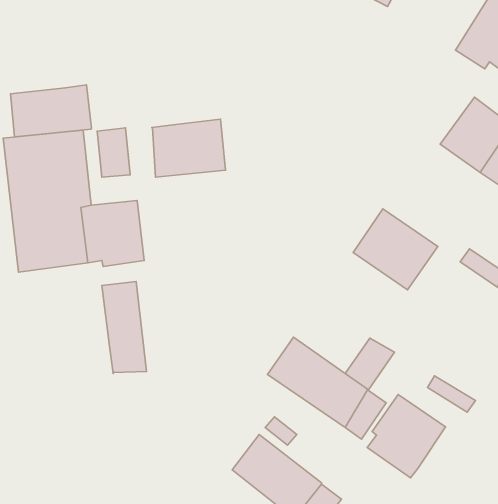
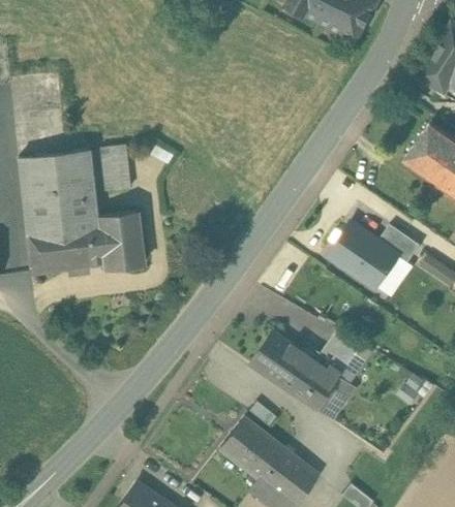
building: [11,85,91,137] -> none
building: [152,119,226,177] -> none
building: none -> [381,224,421,263]
building: [102,281,147,374] -> none
building: [367,395,446,478] -> none

